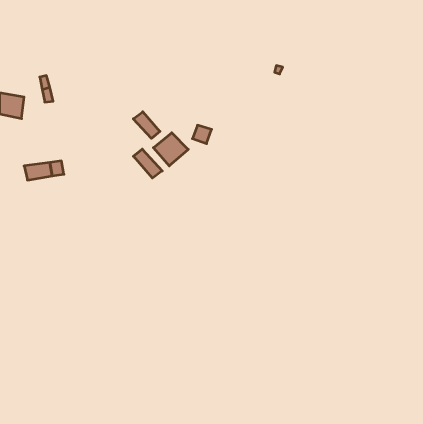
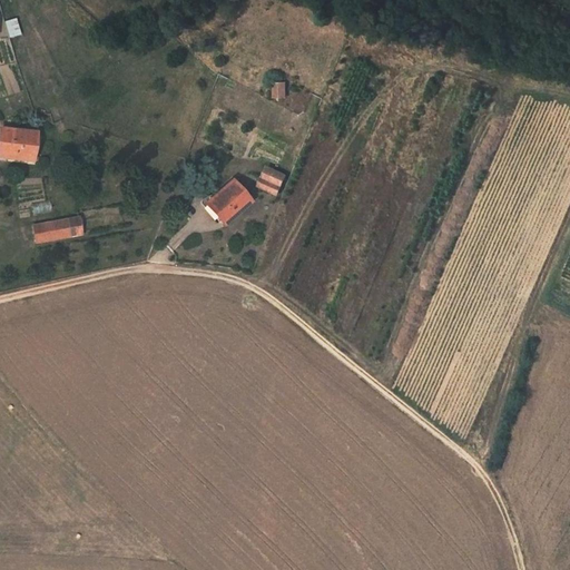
building: [133,112,160,138] -> none
building: [133,149,162,178] -> none

